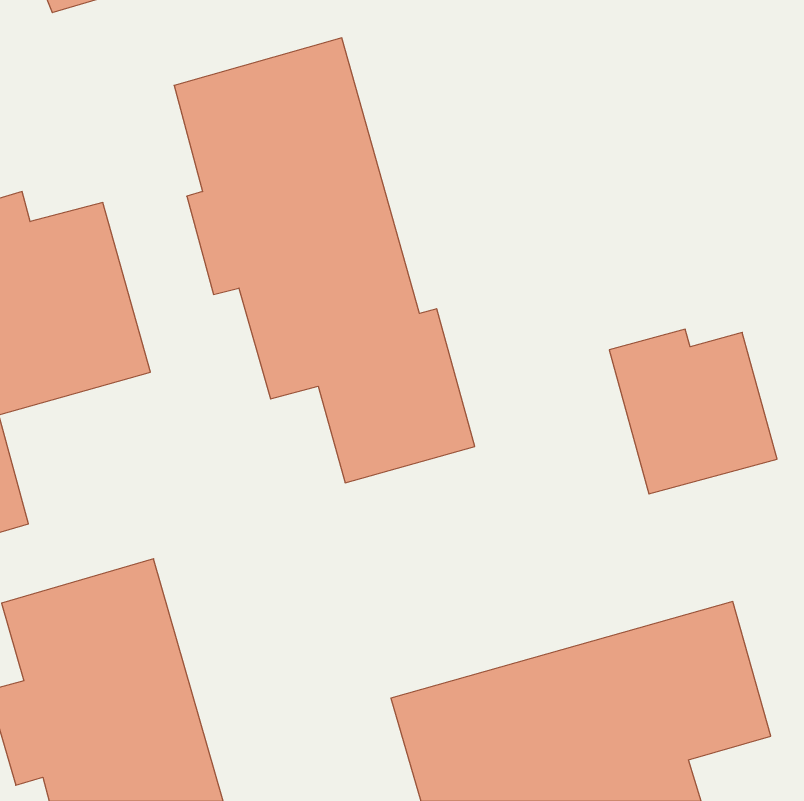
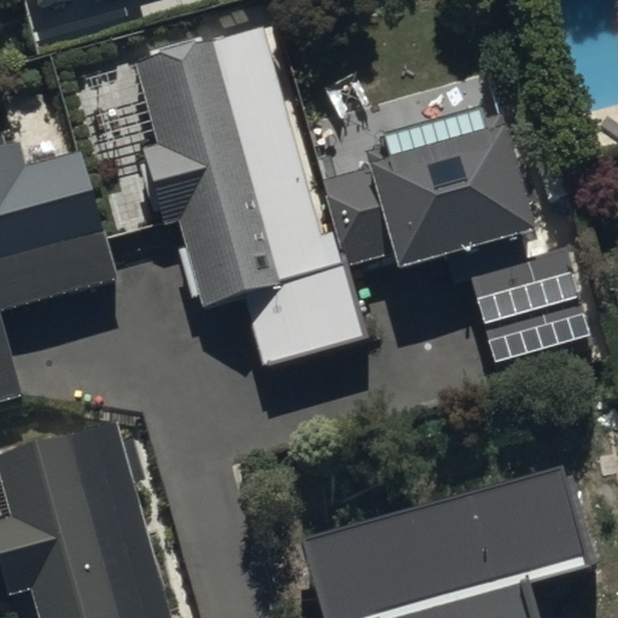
building: none -> [325,116,537,279]

